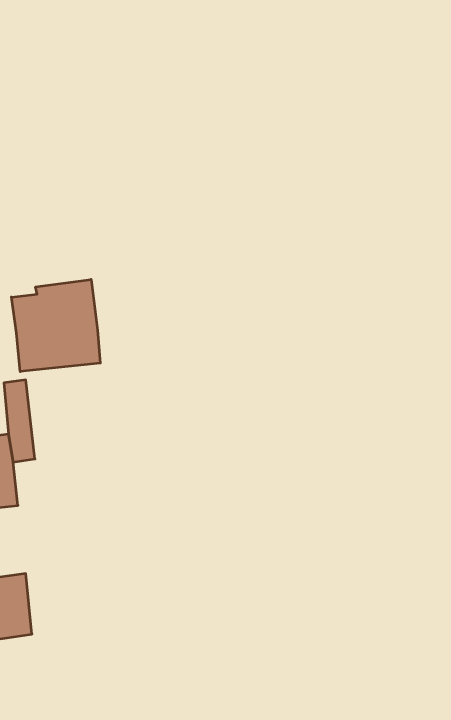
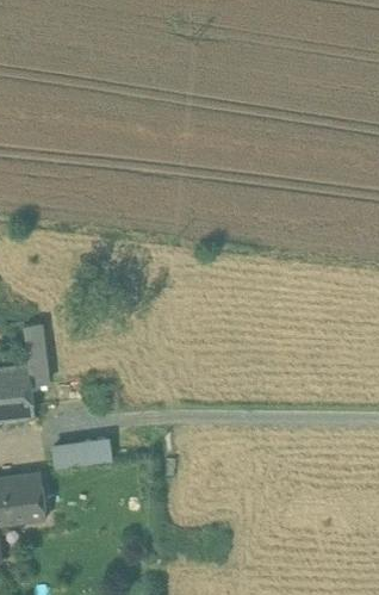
building: [11,279,100,372] -> none
building: none -> [51,436,113,469]

